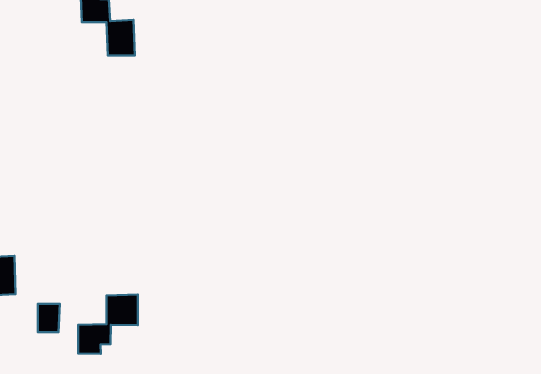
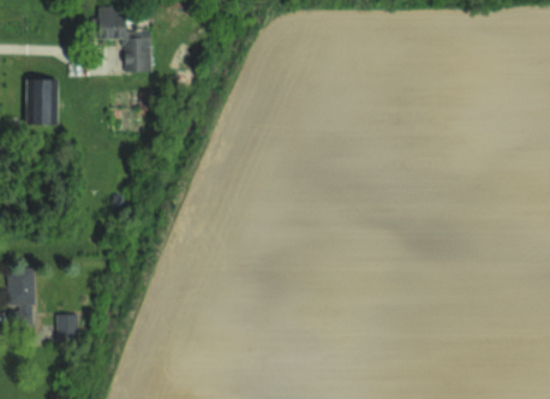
building: none -> [25,79,59,125]
building: [78,294,138,354] -> none

